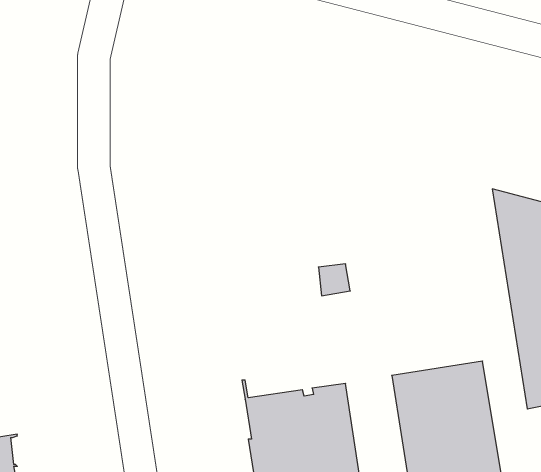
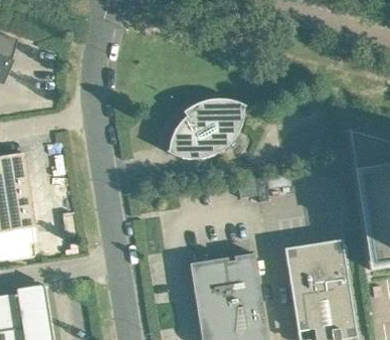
building: none -> [166,98,245,158]

